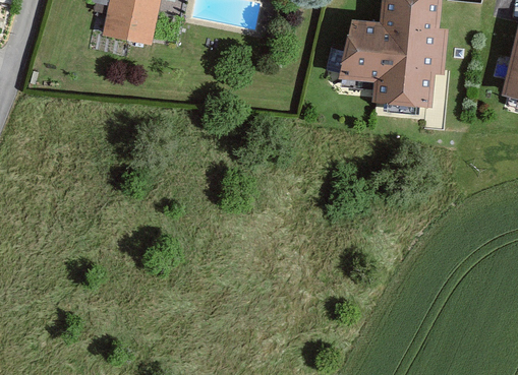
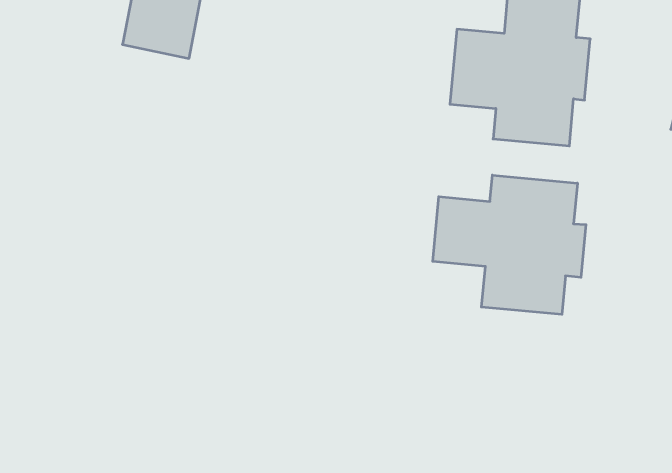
building: none -> [433,175,586,314]

